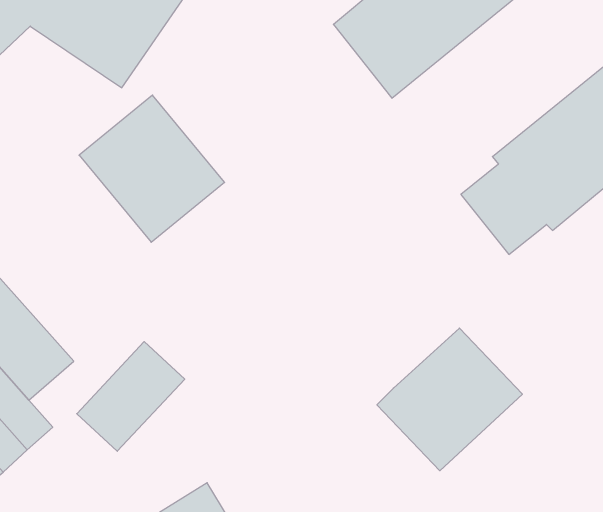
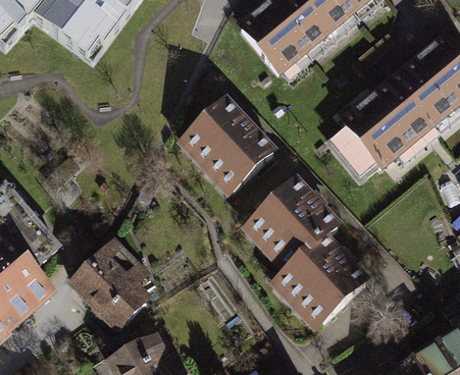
building: [79,95,225,242] -> [176,93,275,193]
building: none -> [239,172,338,269]
building: none -> [94,263,152,335]

